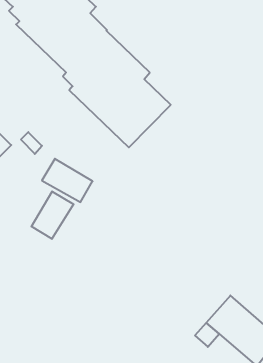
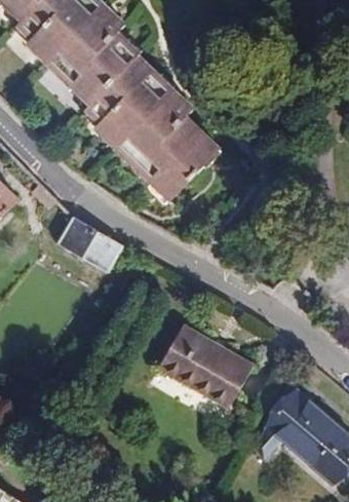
building: [31,191,74,239] -> none
building: none -> [158,325,253,408]

